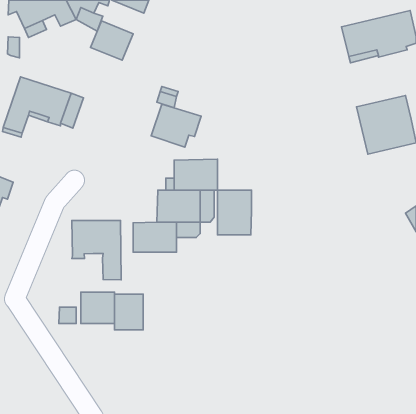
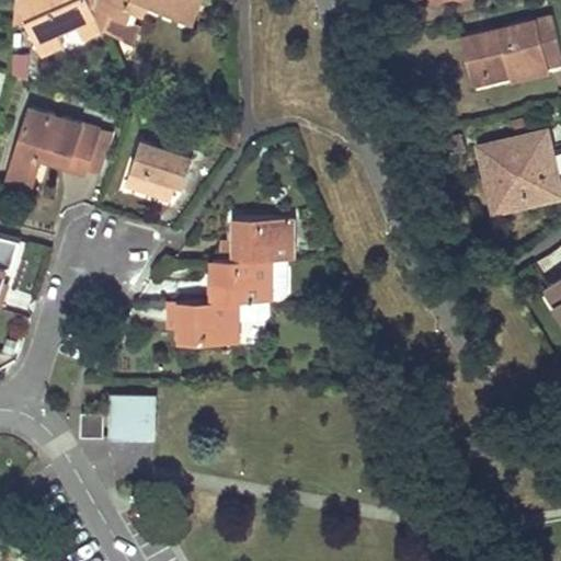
building: [91,21,133,60] -> none
building: [151,104,201,147] -> [125,141,192,199]
building: [217,190,252,235] -> none
building: [72,220,121,280] -> none
building: [114,294,143,330] -> none

